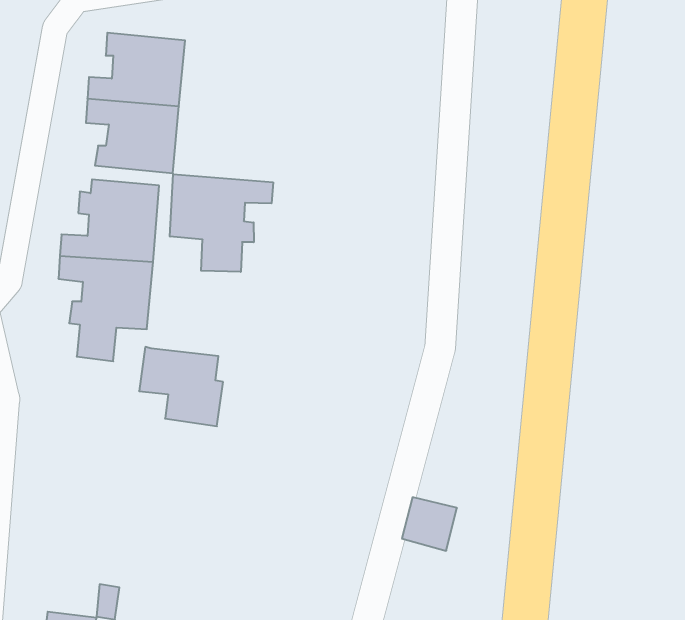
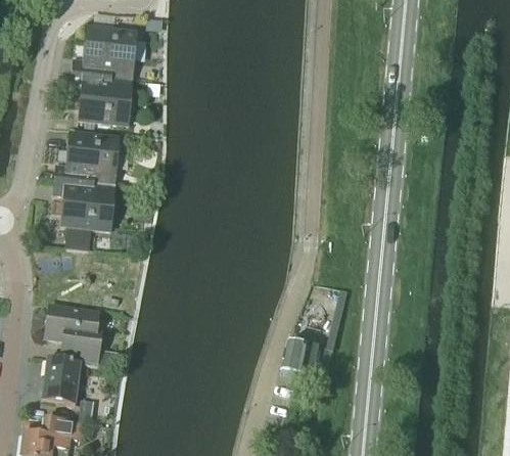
building: [170,174,273,272] -> none
building: [139,347,223,426] -> [44,306,100,359]
building: none -> [41,357,80,402]

